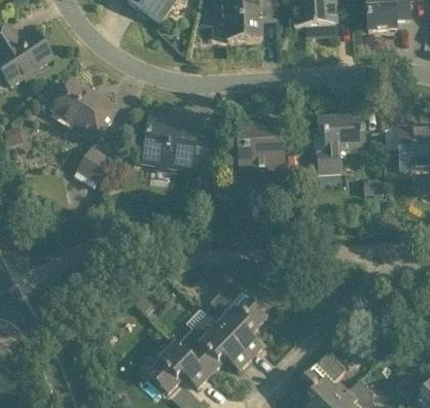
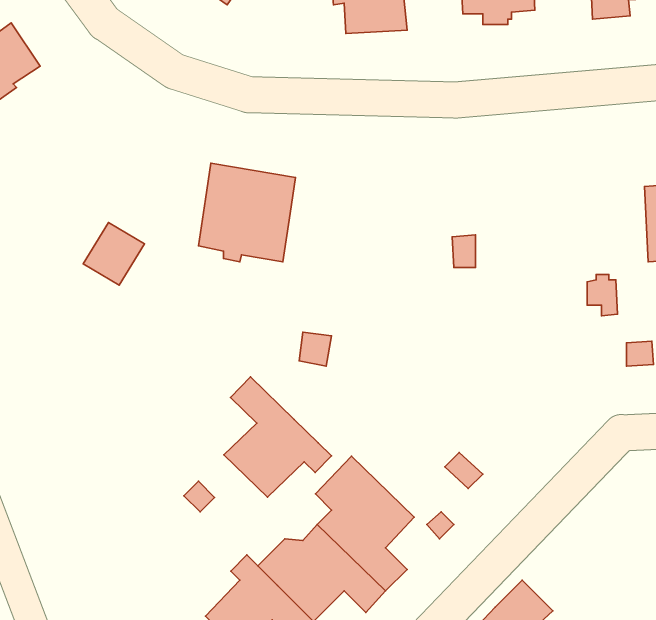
building: [53,81,118,140] -> none
building: [314,114,366,174] -> none
building: [236,117,285,169] -> none
building: none -> [224,377,331,497]

